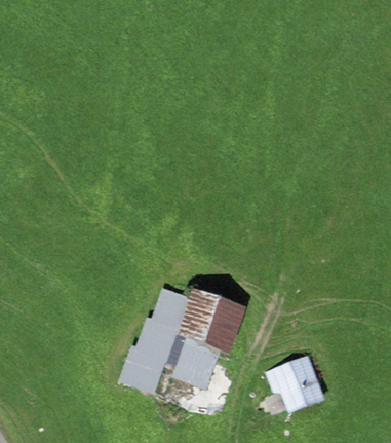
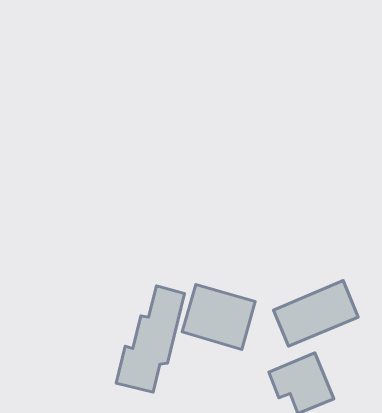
building: none -> [274,280,358,346]
building: [172,340,221,389] -> none

